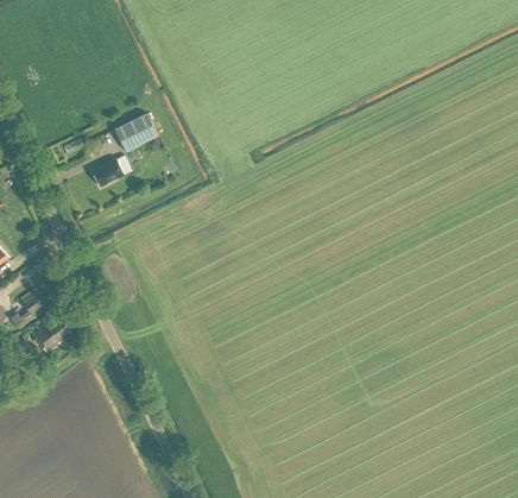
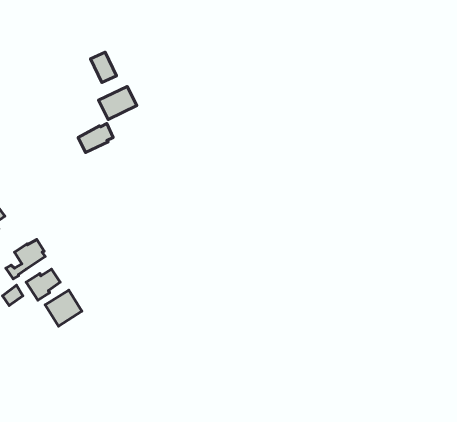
building: none -> [90,52,116,83]
building: none -> [45,290,82,326]

